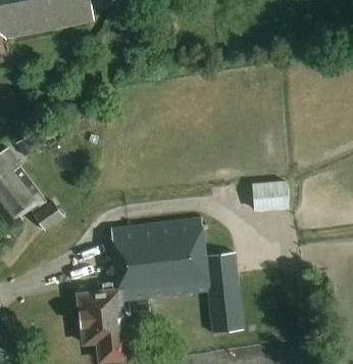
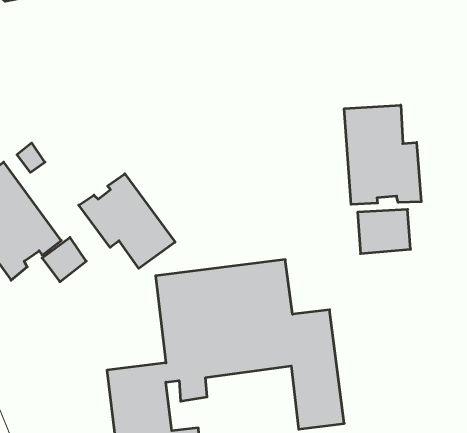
building: none -> [344,105,421,204]
building: none -> [79,174,175,268]

